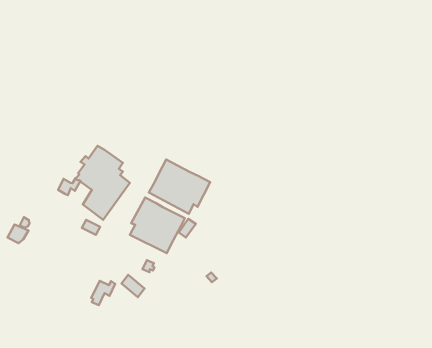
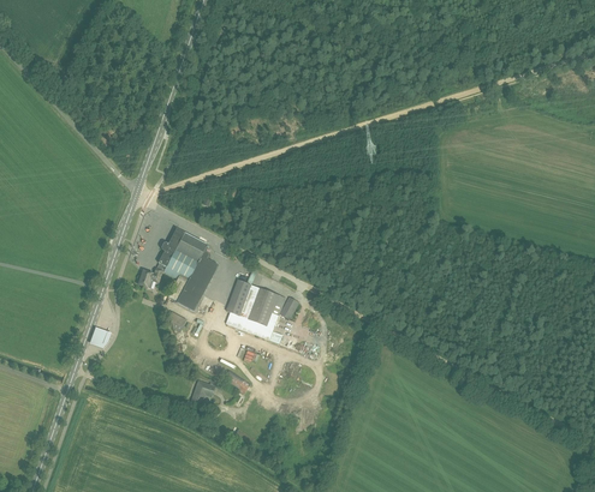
building: [149,159,210,214] -> none

